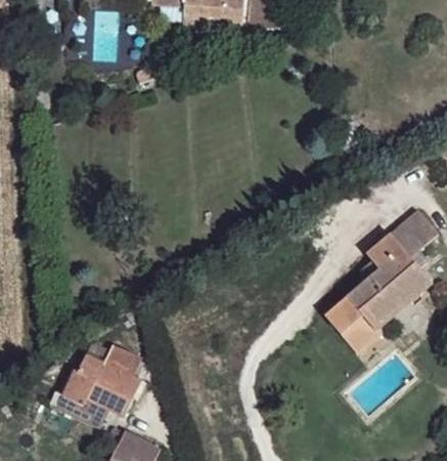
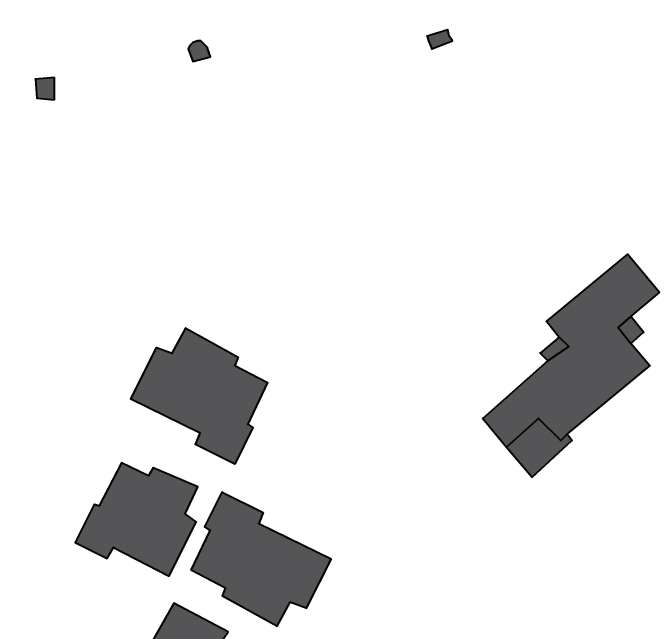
building: none -> [131,328,268,464]
building: none -> [191,492,331,626]

